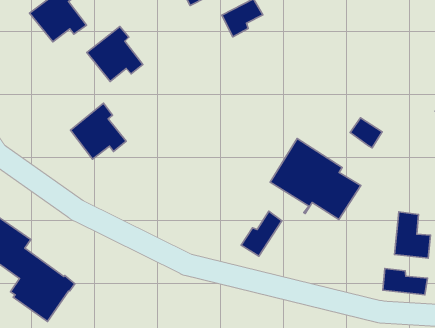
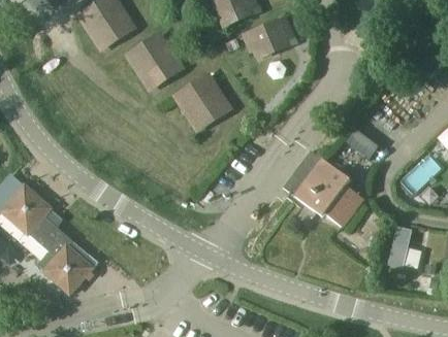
building: [70,103,126,159] -> [177,75,226,125]
building: [241,211,282,256] -> none
building: [383,268,427,295] -> none

